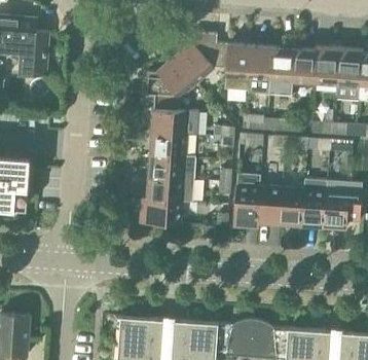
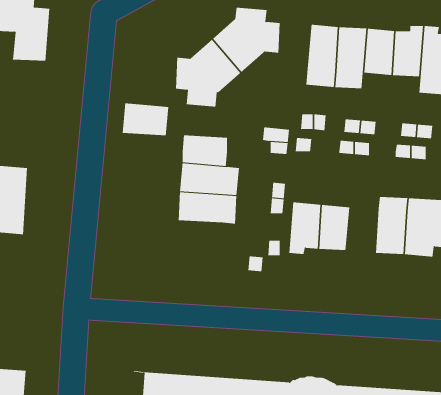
building: [225,44,251,80] -> none
building: [151,108,188,134] -> [122,103,169,136]
building: [279,188,303,224] -> none
building: [140,199,182,224] -> none

